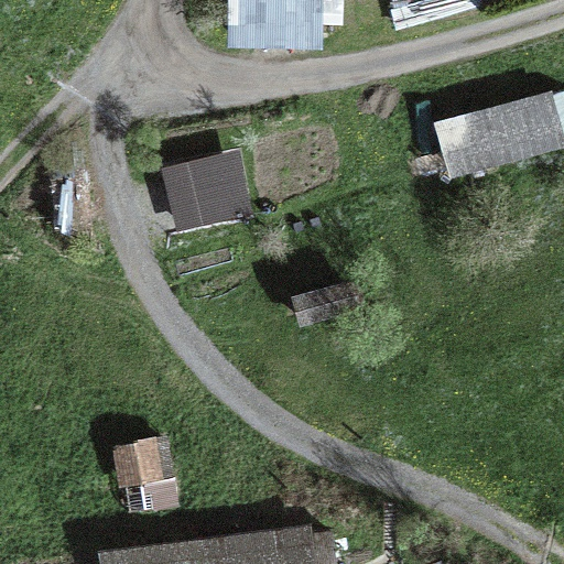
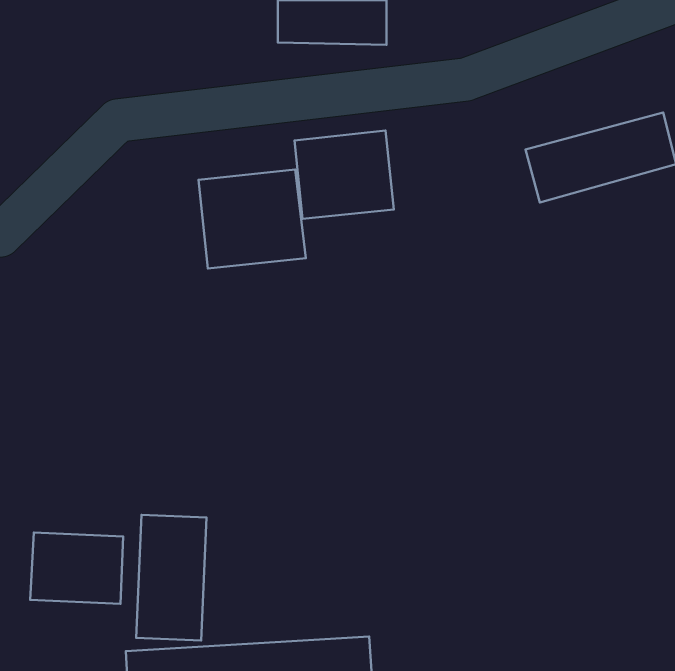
building: none -> [294,131,394,219]
building: none -> [30,532,123,604]

